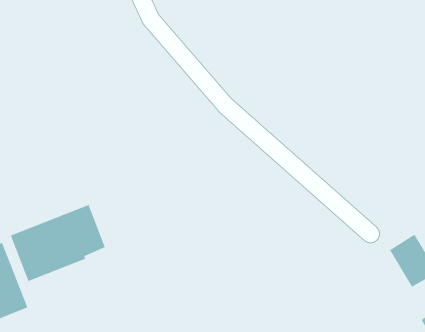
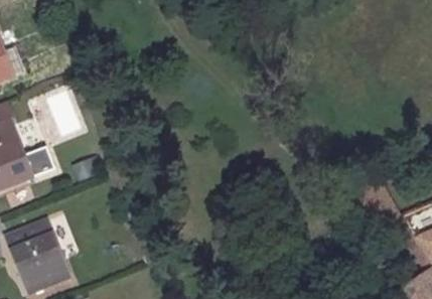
building: [10,204,105,282] -> none

